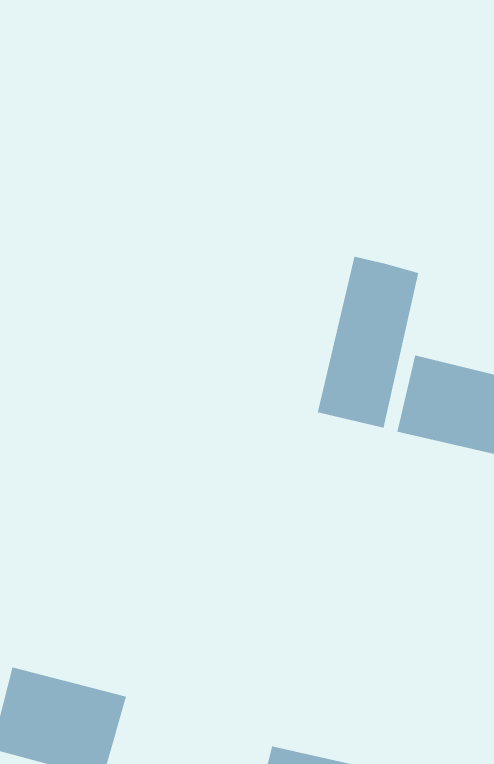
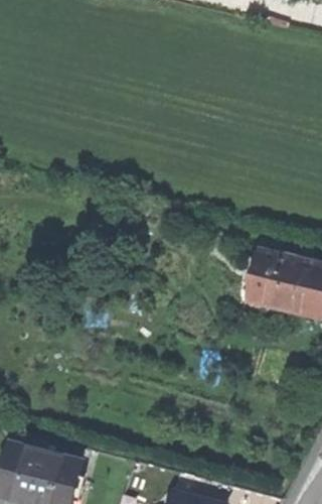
building: [317,256,419,428] -> none

